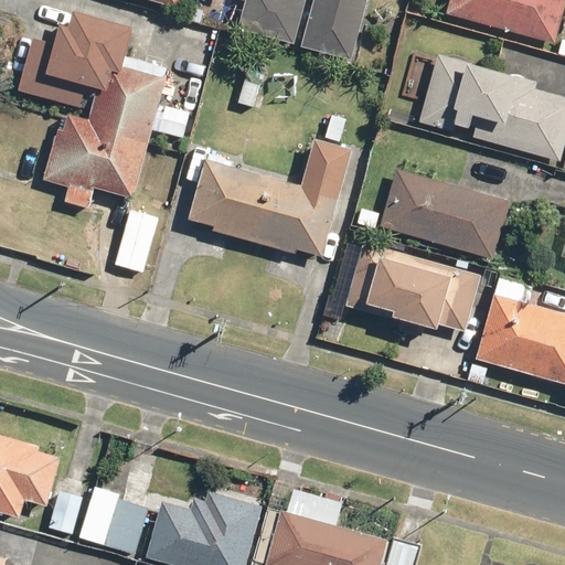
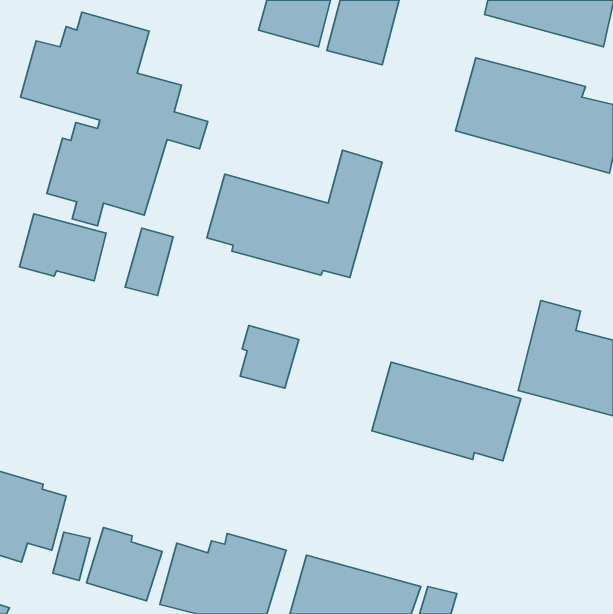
building: [380,168,510,257] -> none
building: none -> [20,214,106,281]
building: [344,241,481,331] -> [372,362,521,461]
building: none -> [240,326,299,388]

